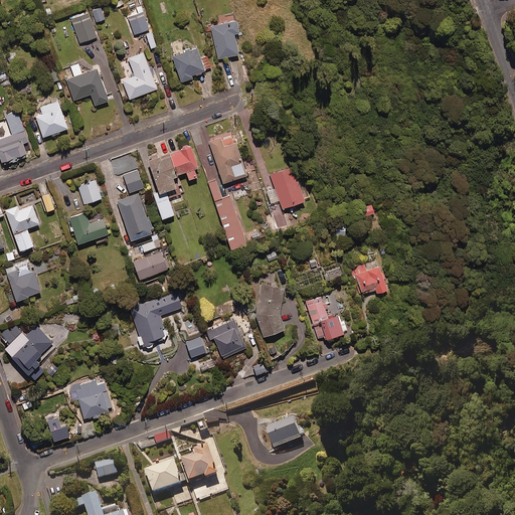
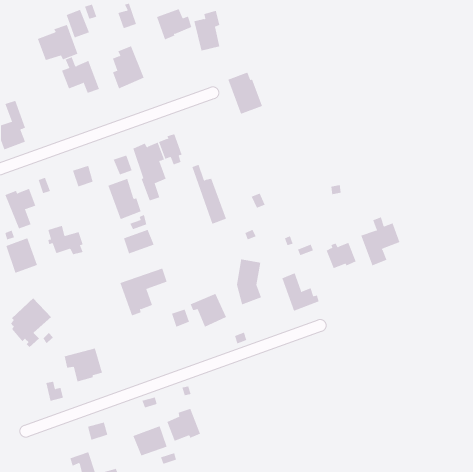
building: none -> [37,24,78,61]
building: [172,46,211,80] -> [156,8,192,40]
building: [35,101,67,135] -> none
building: [209,137,247,183] -> [228,72,263,115]
building: [270,164,305,206] -> none
building: [69,210,109,242] -> [48,225,84,255]
building: none -> [361,217,400,266]
building: [267,417,303,450] -> none

